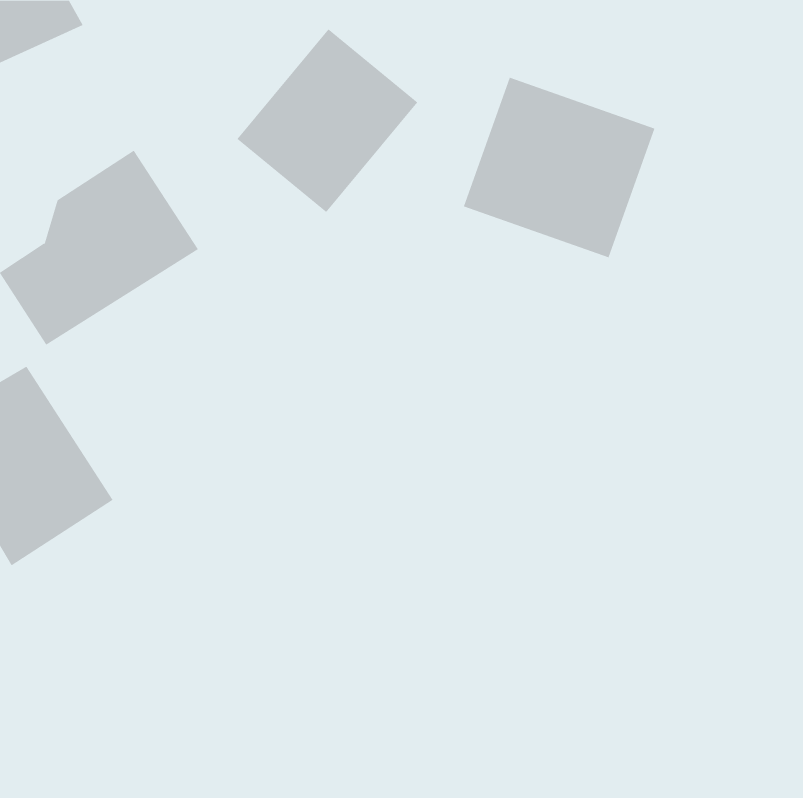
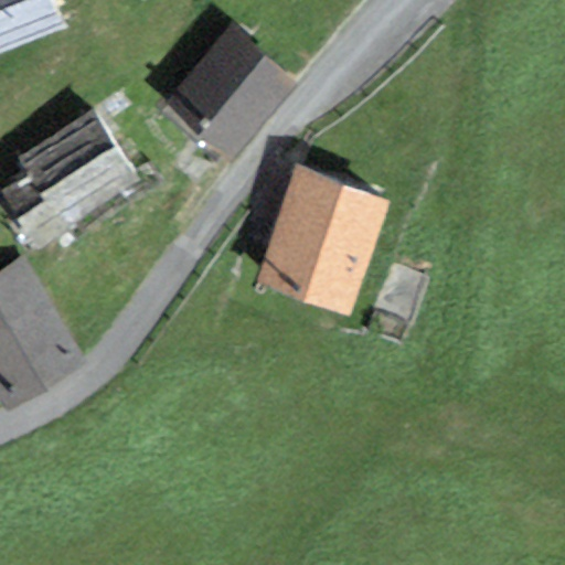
building: [463,77,655,258] -> none
building: none -> [255,166,385,310]

